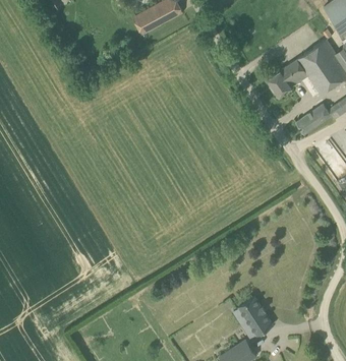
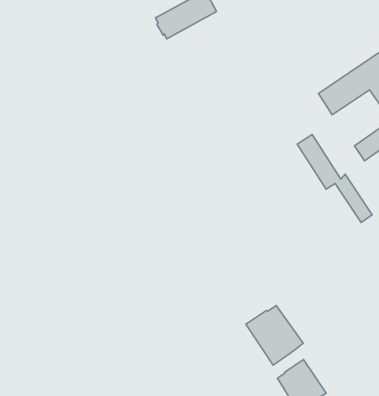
building: none -> [297,134,372,222]
building: none -> [246,306,303,365]

